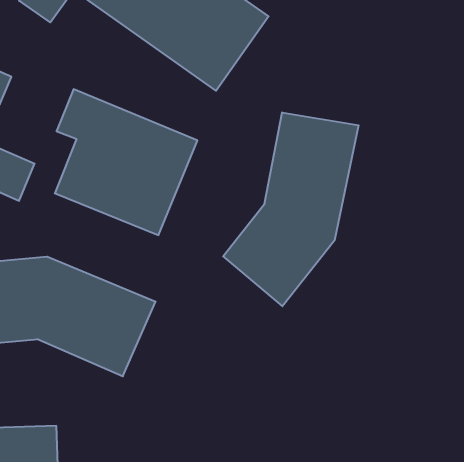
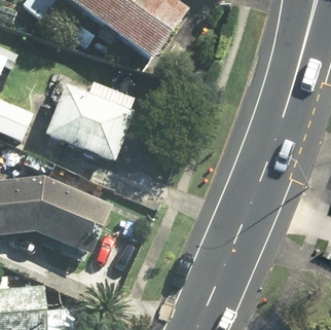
building: [223,112,359,306] -> none

